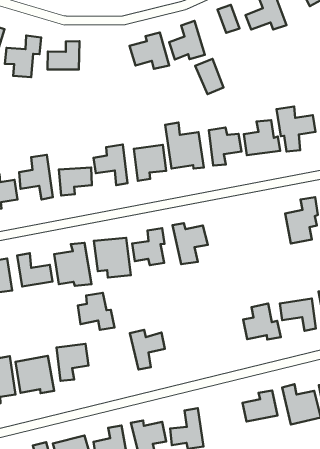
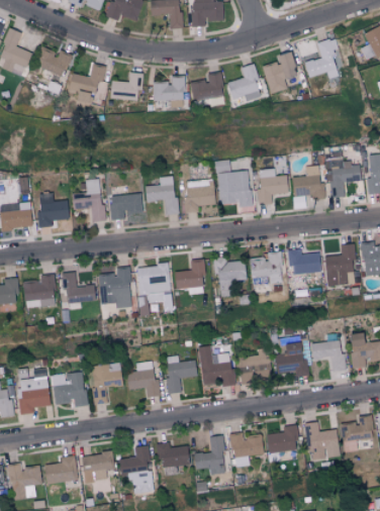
building: none -> [153,75,185,107]
building: [195,59,224,94] -> [262,61,287,94]
building: none -> [289,248,321,275]
building: none -> [251,251,283,285]
building: [78,293,114,330] -> [127,362,161,397]
building: none -> [240,348,270,375]
building: none -> [198,345,235,387]
building: none -> [231,432,264,467]

